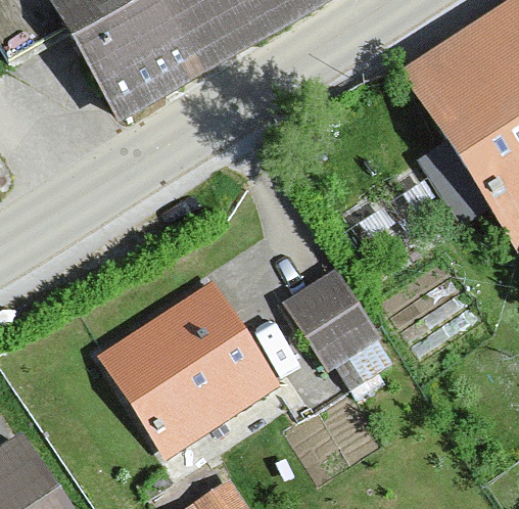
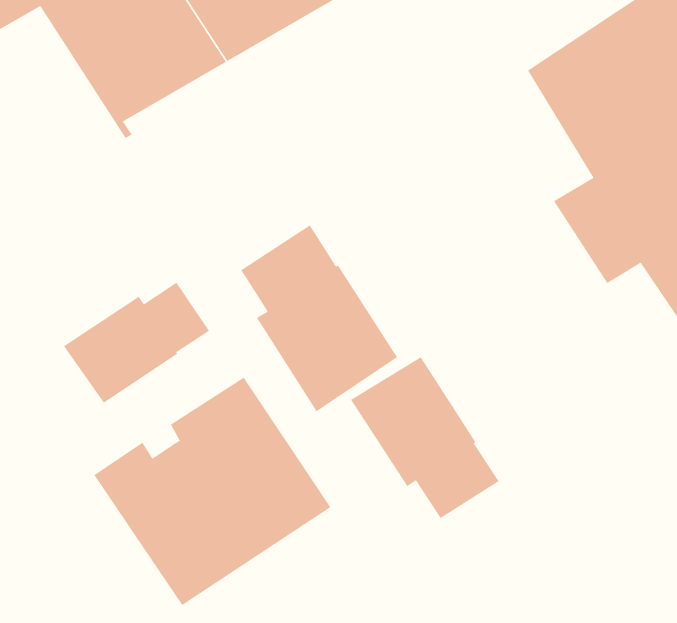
building: none -> [241,225,398,412]
building: none -> [63,282,210,404]

